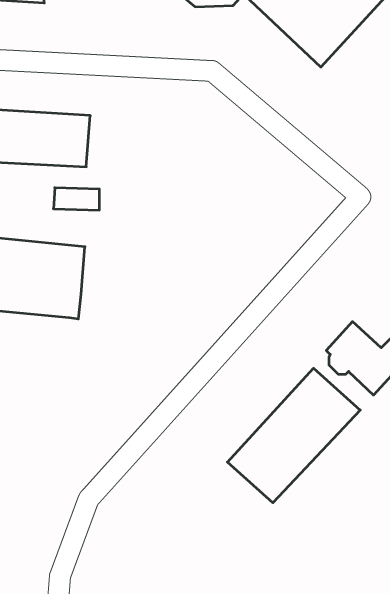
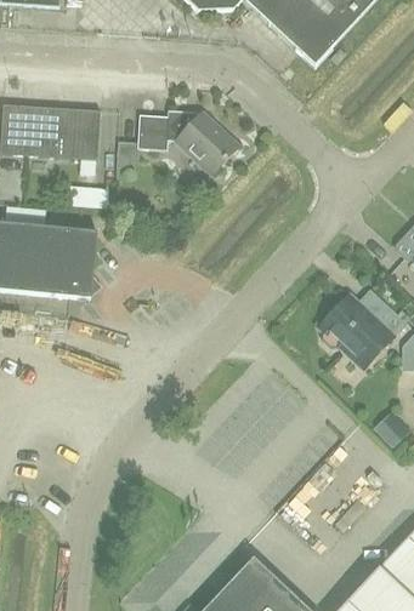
building: none -> [118,110,240,173]
building: [227,368,360,503] -> none

